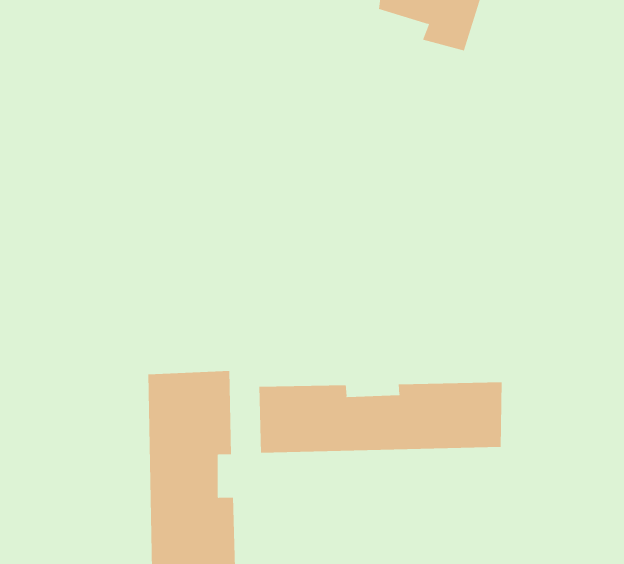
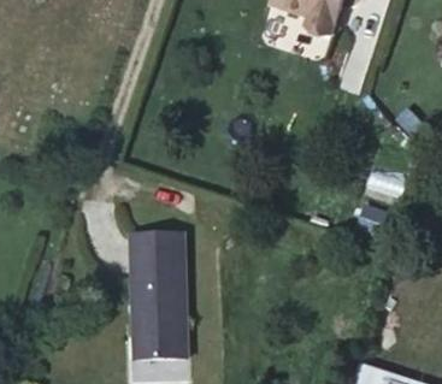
building: [259,382,502,454] -> none

